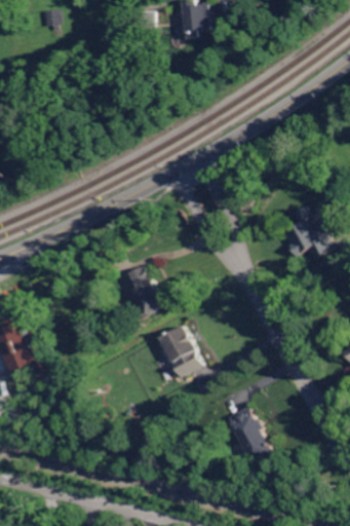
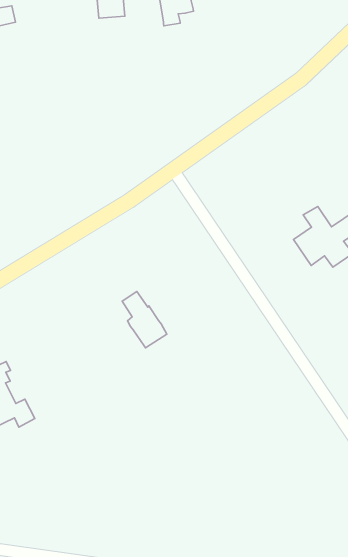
building: [155,326,201,378] -> none
building: [228,407,273,463] -> none

